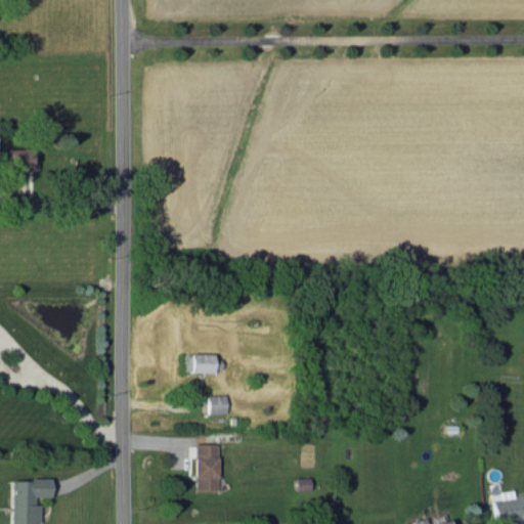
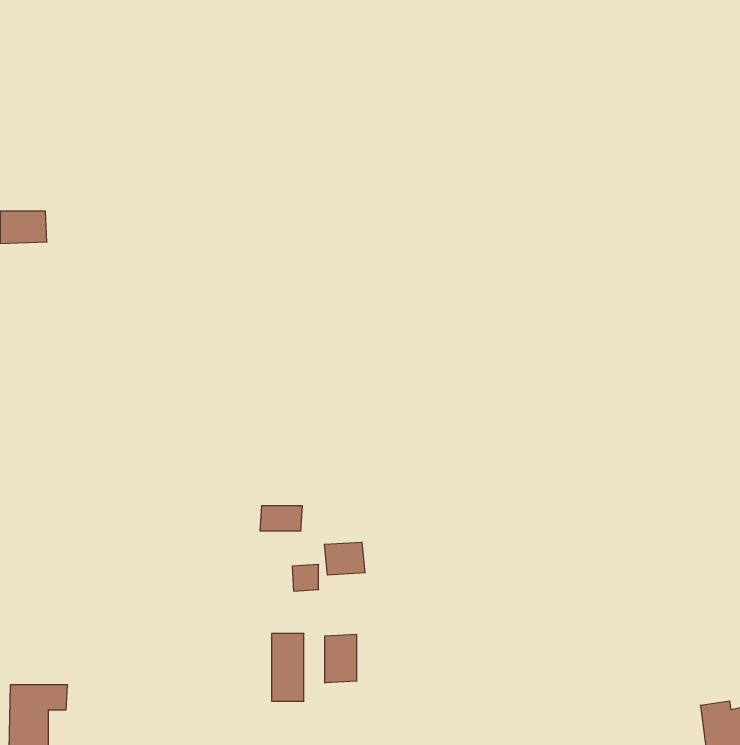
building: none -> [324,542,365,575]
building: none -> [325,634,356,683]

